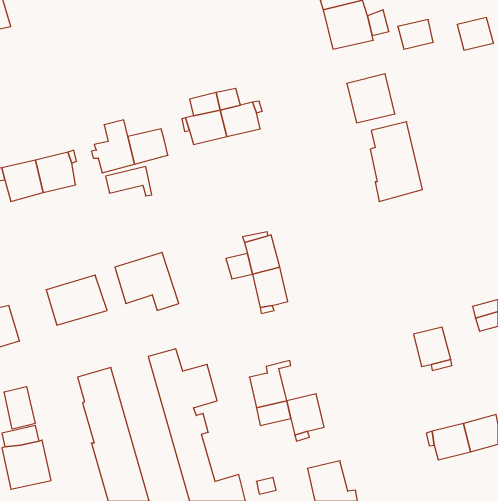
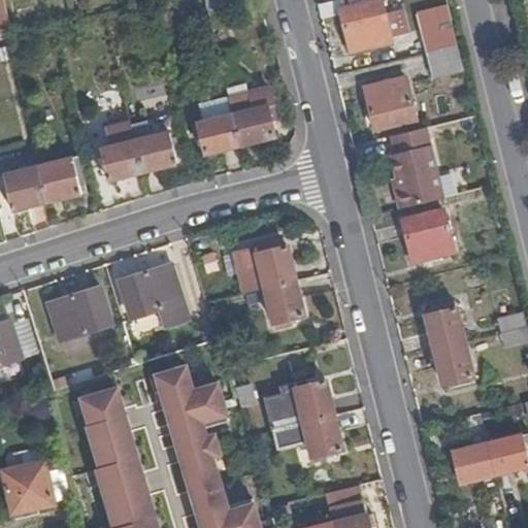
building: [457,18,493,50] -> [424,44,462,78]
building: [106,167,152,196] -> [130,116,178,146]
building: none -> [402,212,454,263]
building: none -> [424,300,464,351]
building: none -> [293,380,332,421]
building: [4,387,35,429] -> none

